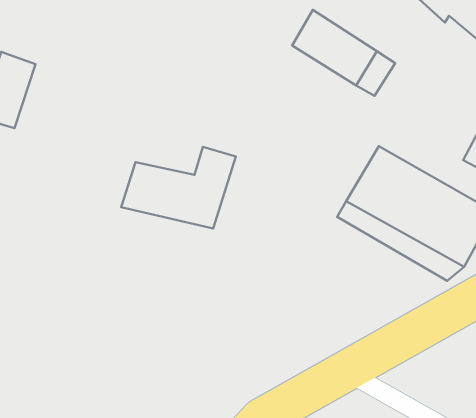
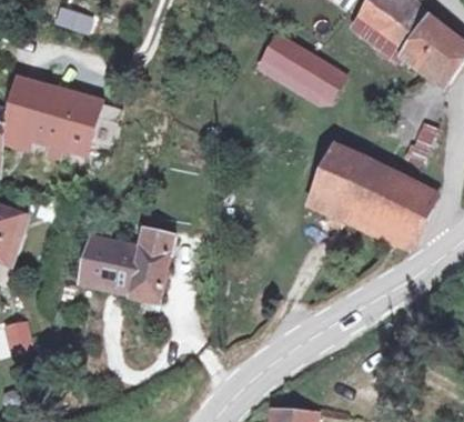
building: none -> [38,91,100,154]
building: [121,147,236,228] -> [82,229,174,295]

